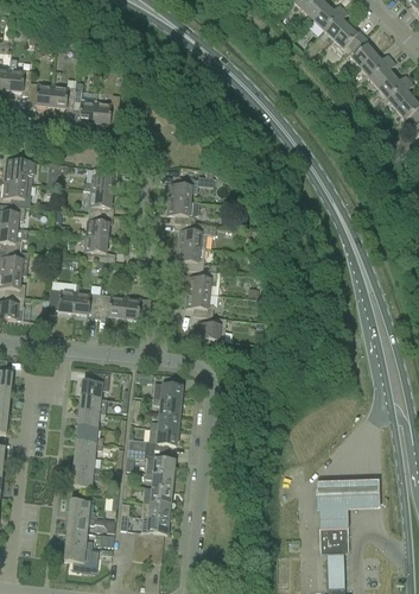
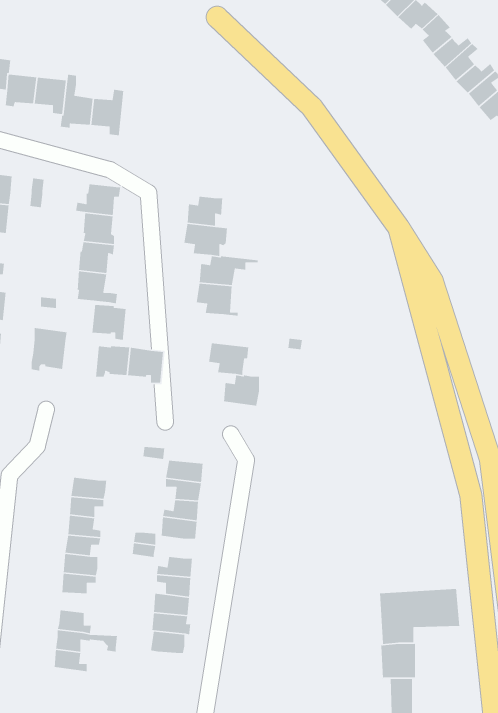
building: [188,270,220,295] -> none
building: [72,290,100,318] -> [92,304,127,341]
building: [81,371,109,398] -> none
building: [63,544,91,570] -> none

